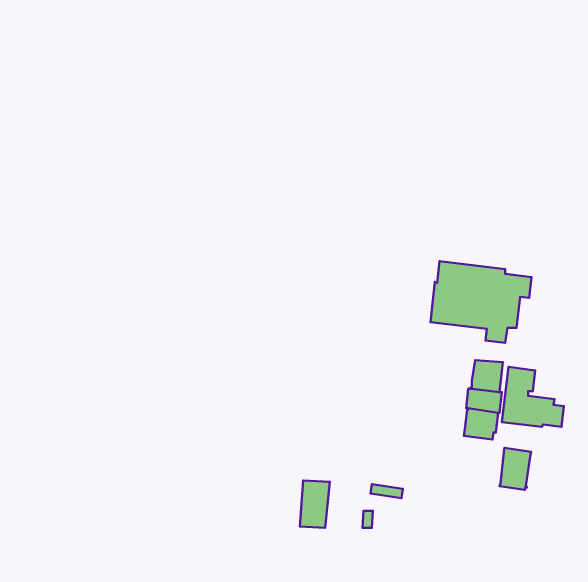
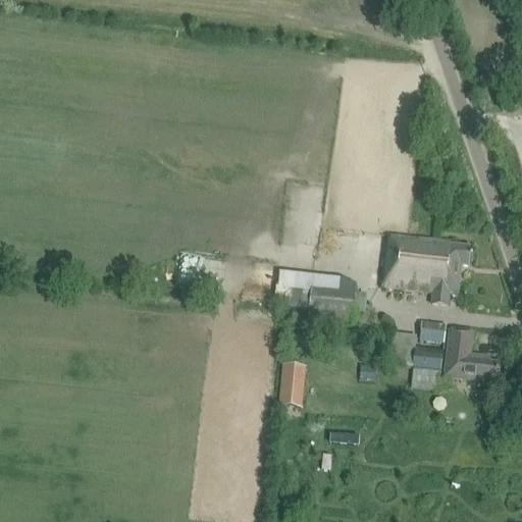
building: none -> [272,270,365,321]
building: [500,448,531,490] -> none
building: [300,481,330,528] -> [278,363,305,405]

